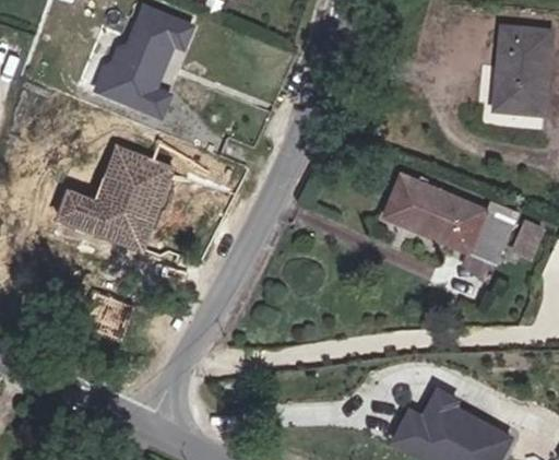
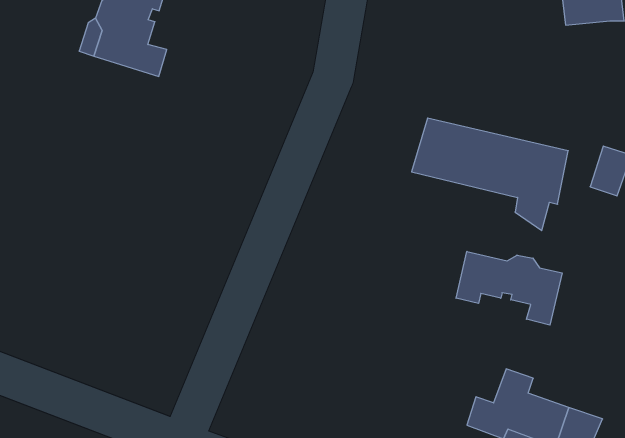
building: [58,142,178,253] -> none
building: none -> [456,251,562,325]

